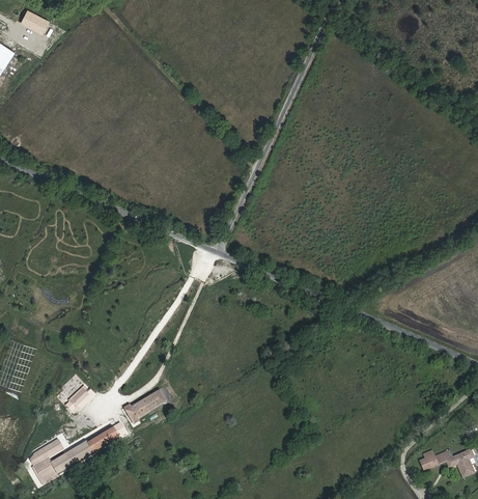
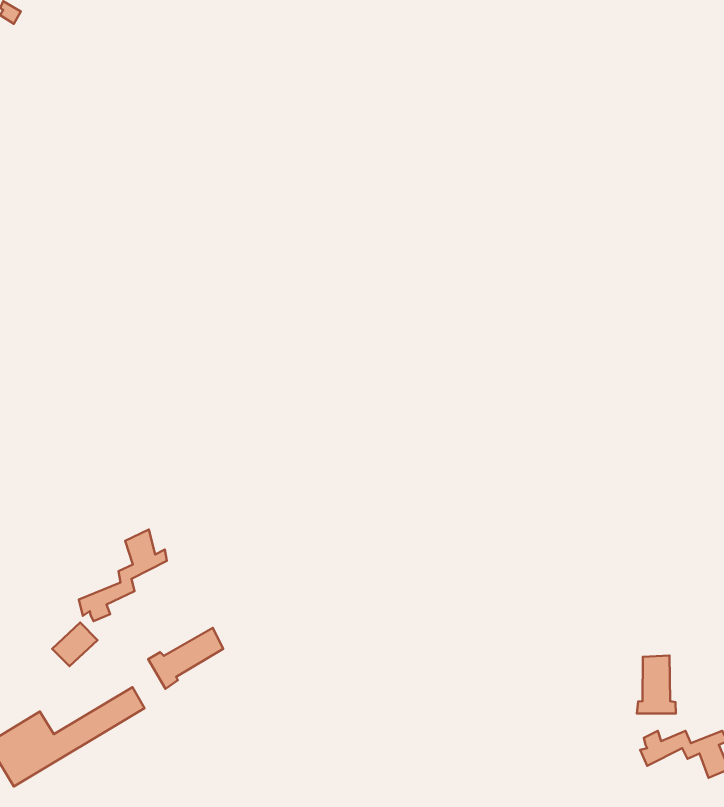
building: none -> [79,529,167,621]
building: none -> [637,655,676,714]

